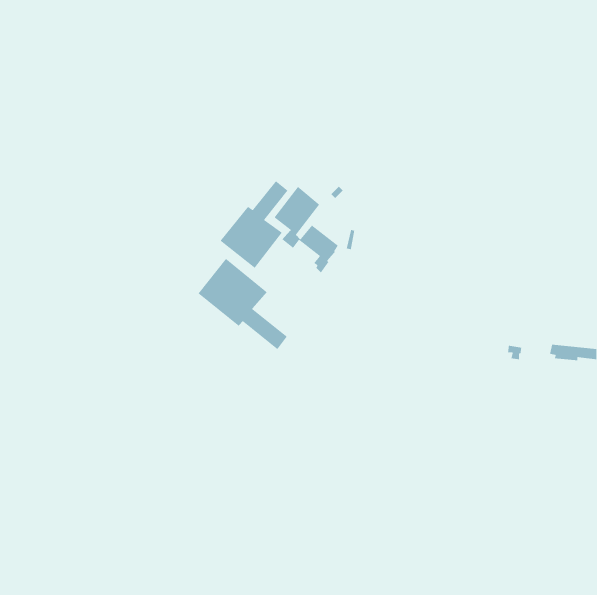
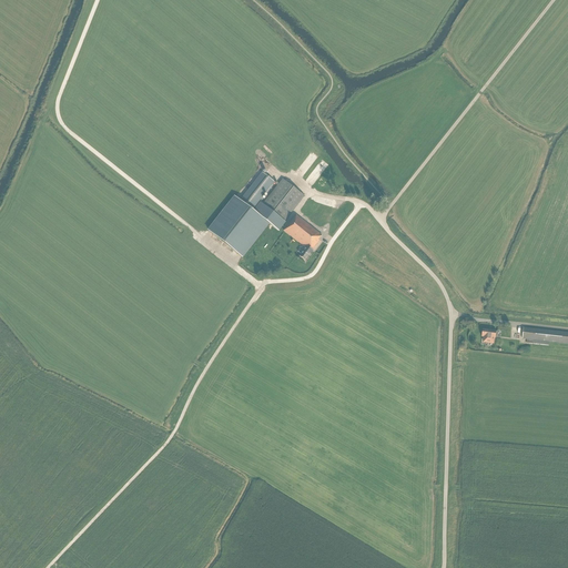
building: [197,258,288,350] -> none

